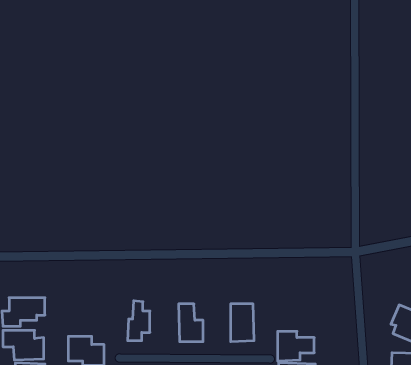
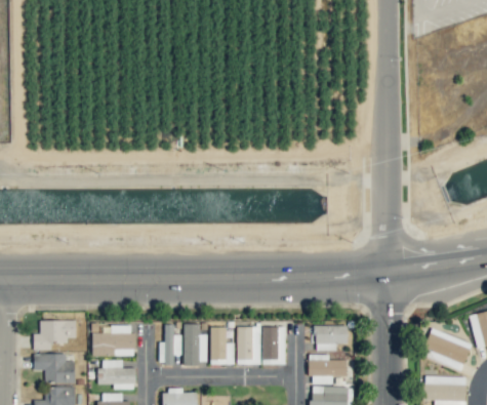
building: none -> [184,323,207,364]
building: none -> [92,324,135,356]
building: none -> [314,324,348,351]
building: none -> [237,326,260,364]

